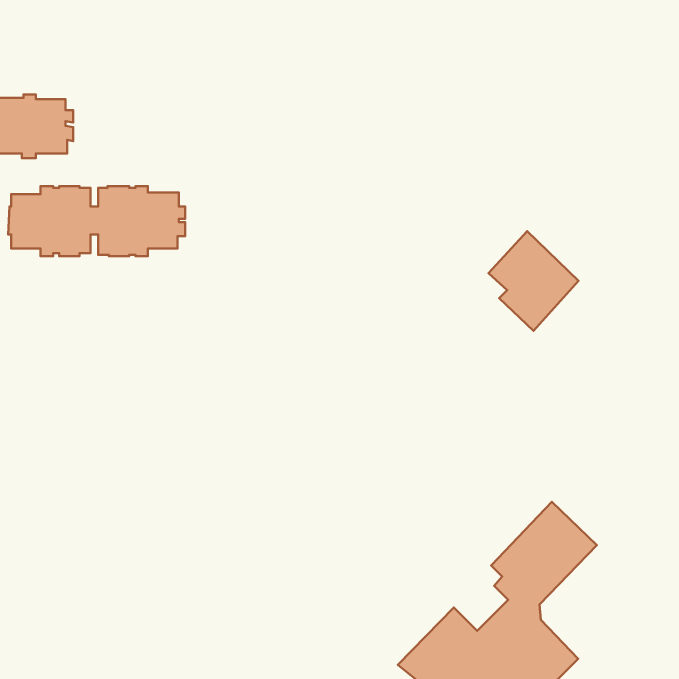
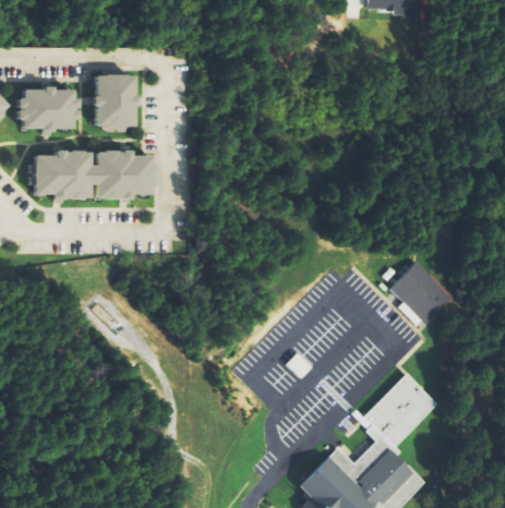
building: none -> [89,70,134,130]
building: [488,231,579,331] -> [394,259,457,329]

